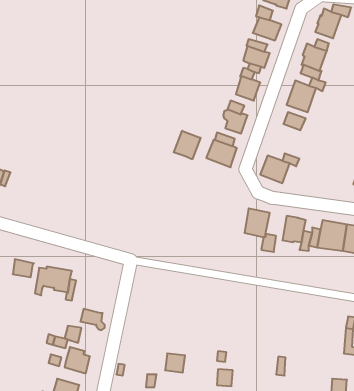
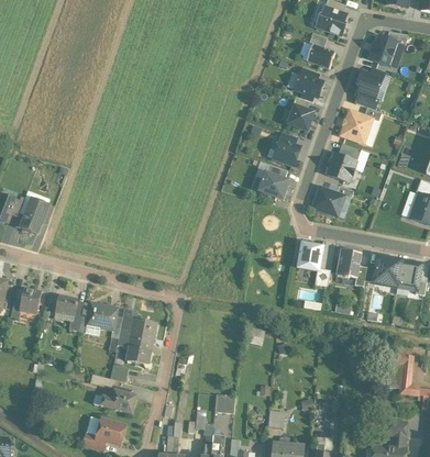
building: none -> [327,154,355,181]
building: [174,131,201,159] -> none
building: none -> [123,310,156,352]

